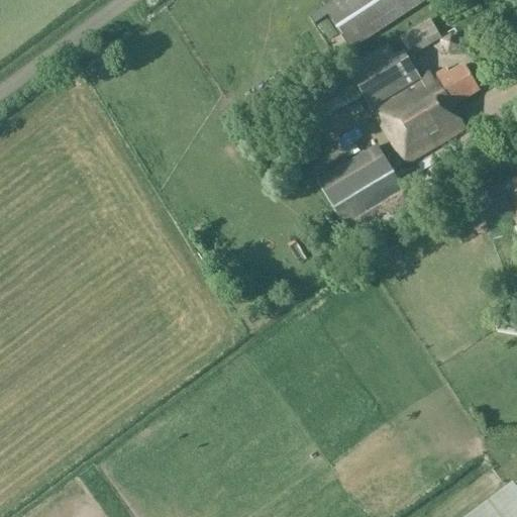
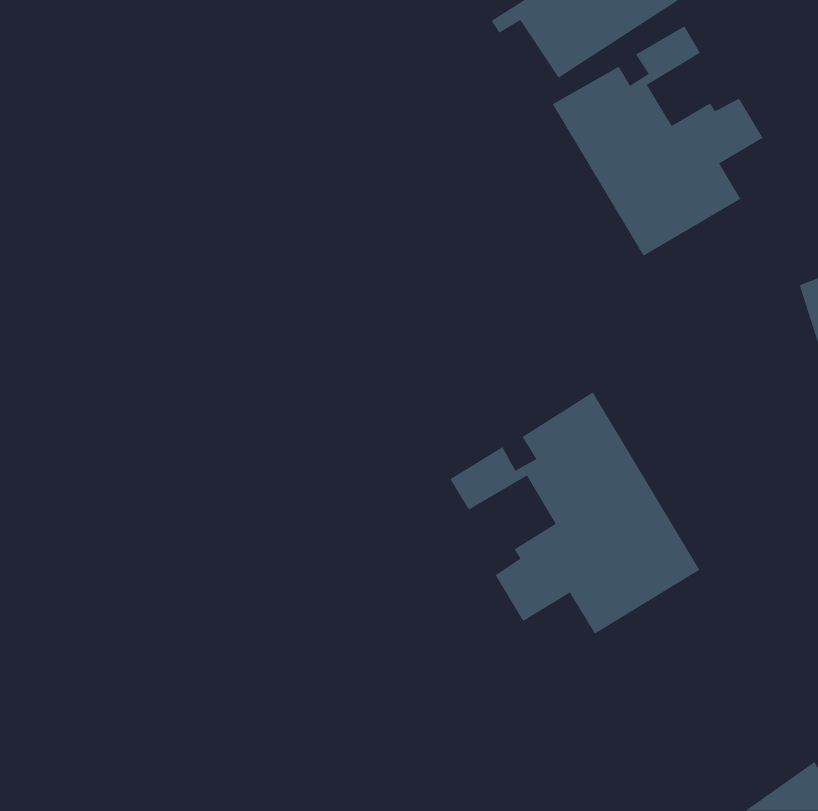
building: [319,143,406,223] -> none
building: none -> [450,392,700,634]

